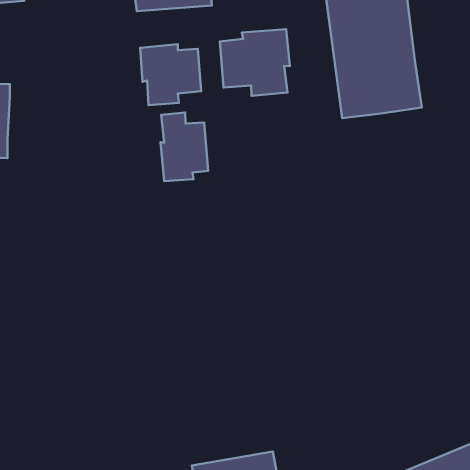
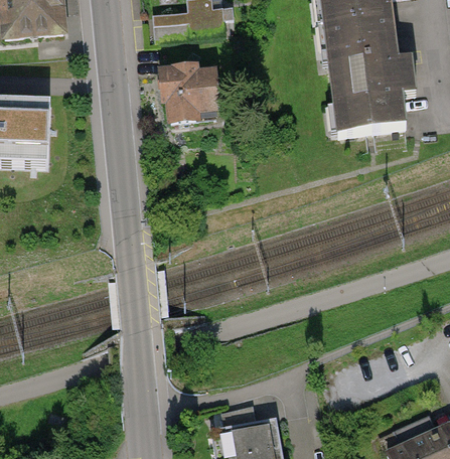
building: [220,29,290,96] -> none
building: [160,113,208,181] -> none

